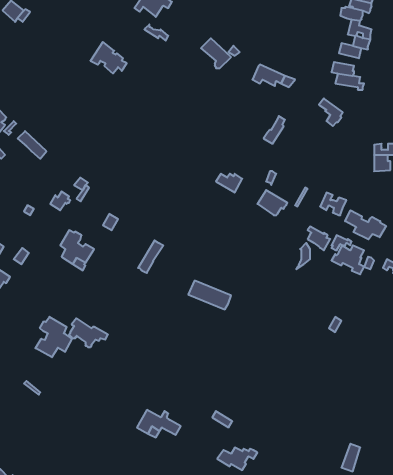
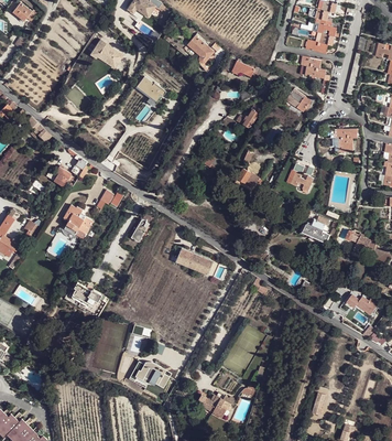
building: [345,210,386,239] -> none
building: [35,317,72,357] -> none

